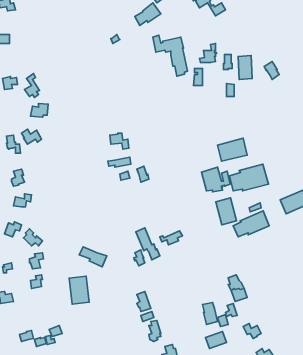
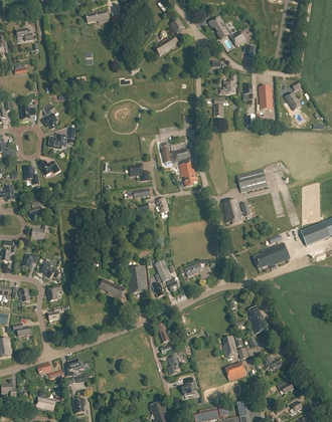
building: [153,35,188,76] -> [161,145,196,186]
building: [230,164,268,191] -> none
building: [216,198,236,225] -> none
building: [69,276,89,304] -> [127,265,147,293]

